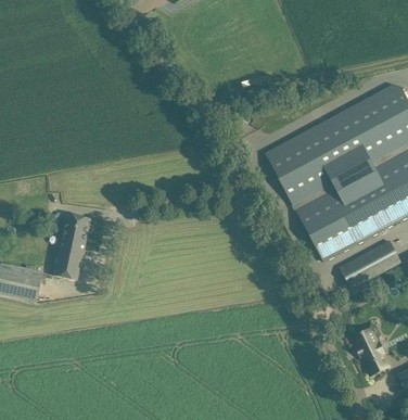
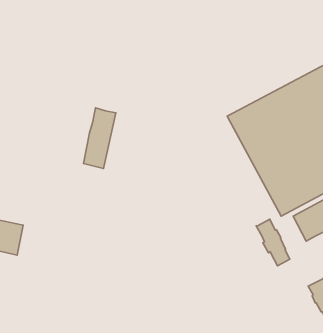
building: [54,213,89,279] -> [84,108,116,169]
building: none -> [256,219,290,266]

